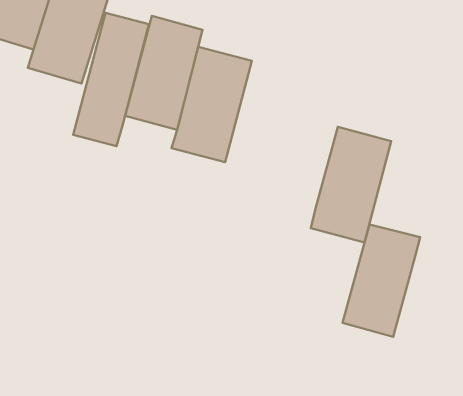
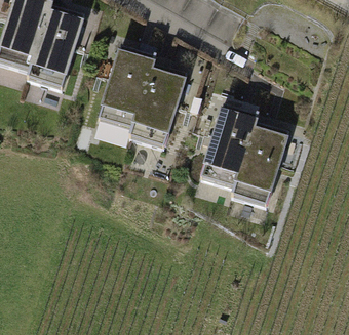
building: [73,13,149,146] -> none
building: [343,224,420,337] -> [197,101,254,183]

